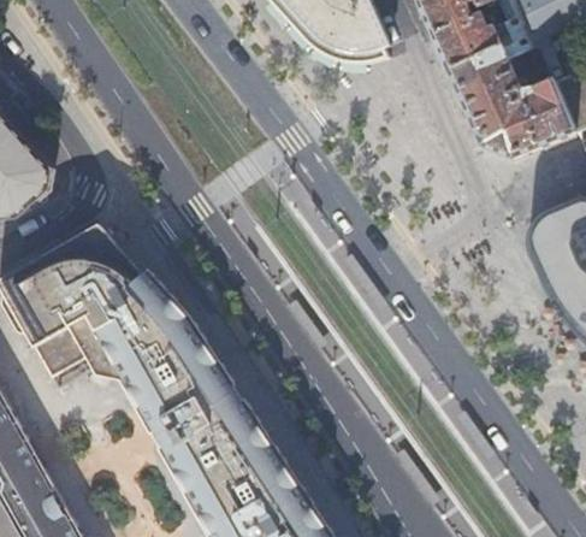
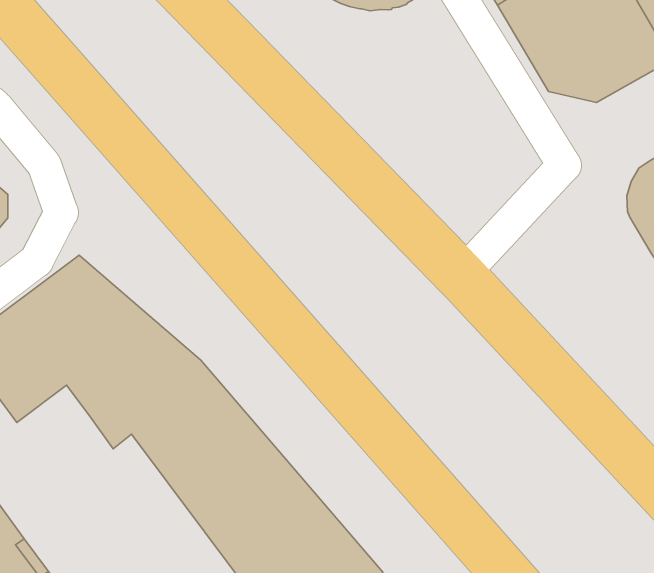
building: [35,320,95,385] -> none

